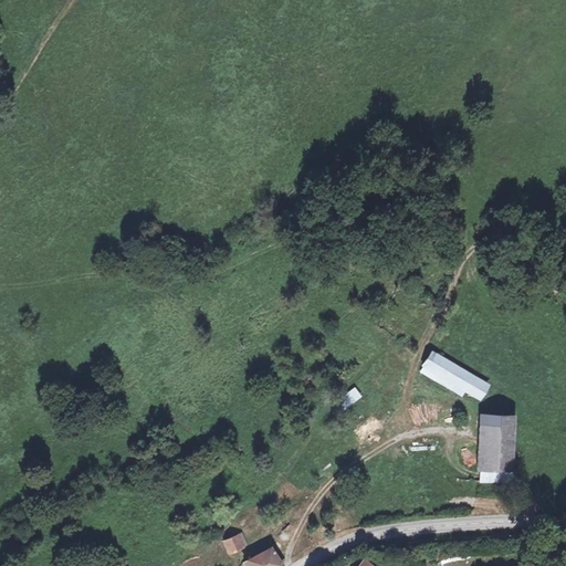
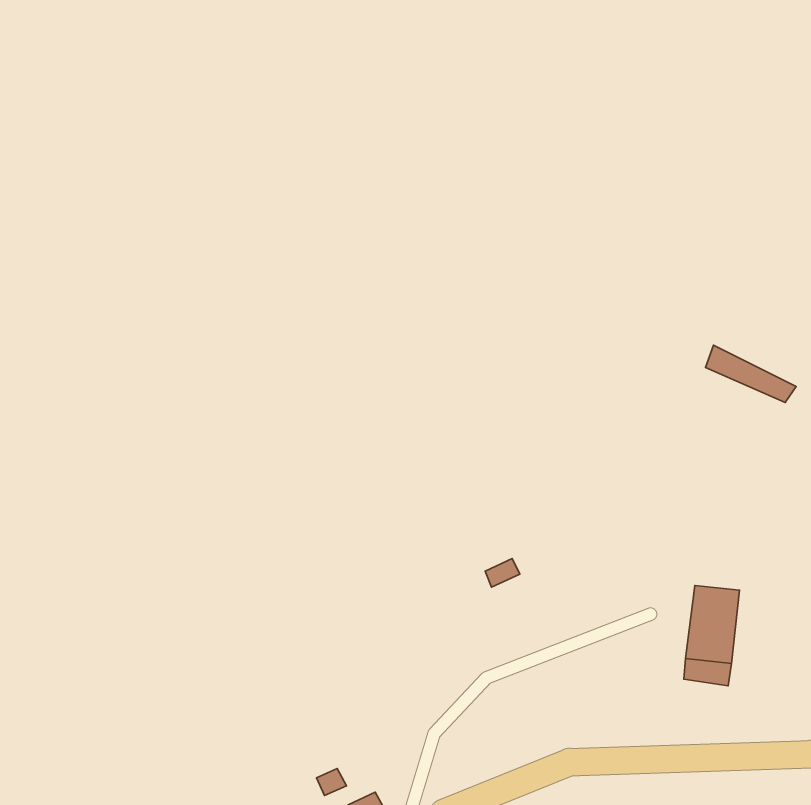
building: [427,352,490,391] -> [706,345,796,402]

